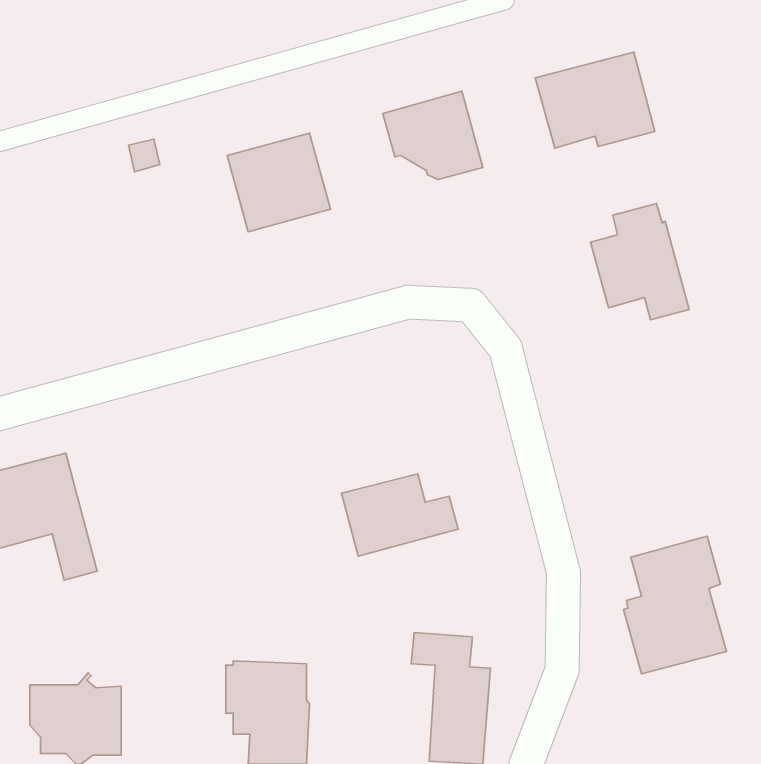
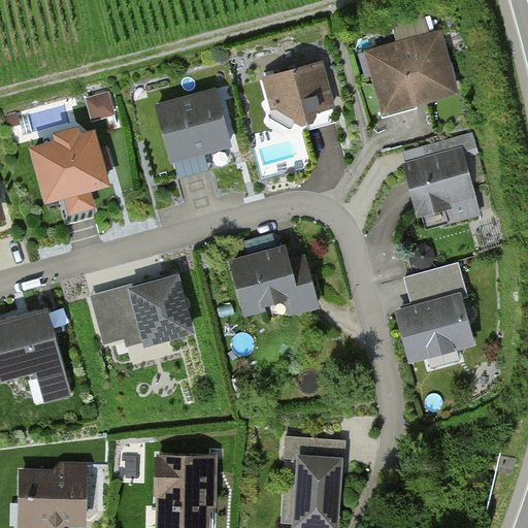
building: none -> [34,130,104,198]
building: none -> [133,279,190,341]
building: none -> [92,296,125,343]
building: [342,474,458,556] -> [232,253,312,309]
building: [623,536,727,674] -> [399,263,470,358]

